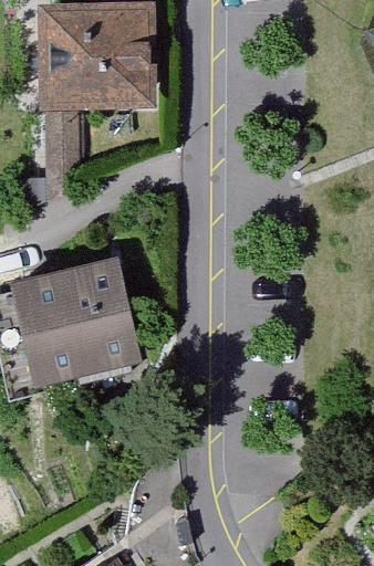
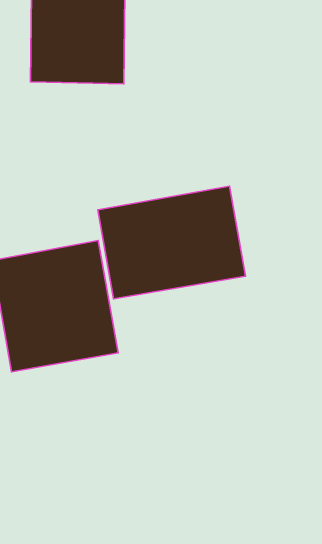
building: none -> [98,186,246,299]

